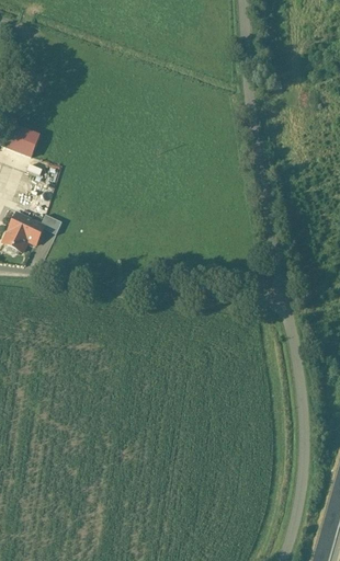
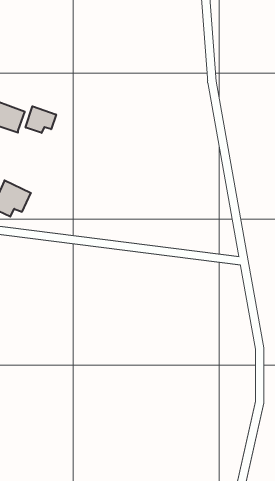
building: none -> [26,106,56,133]

